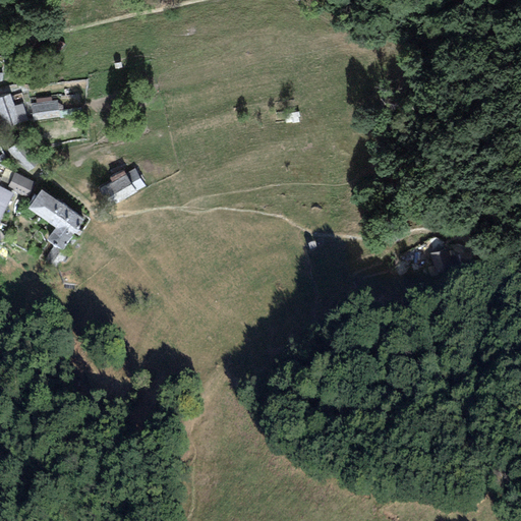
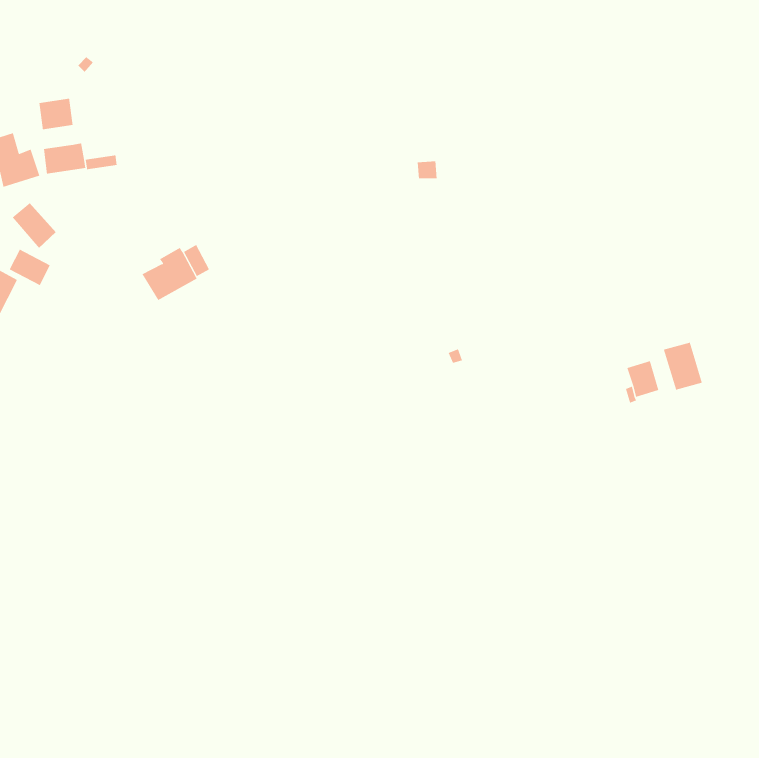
building: none -> [39,98,73,130]
building: [27,188,83,249] -> none
building: none -> [663,342,702,391]

